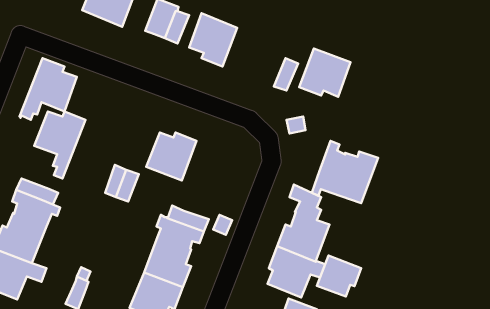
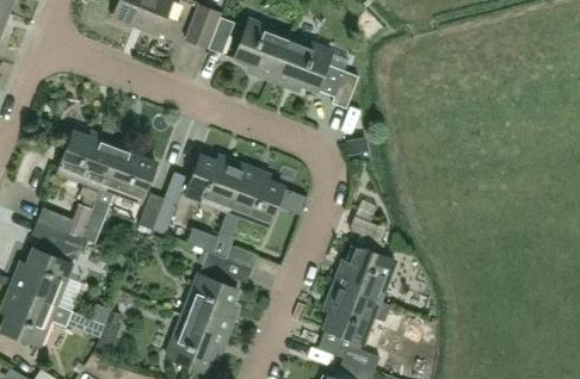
building: [299,49,351,97] -> [272,36,331,91]
building: [19,58,77,120] -> [90,141,155,211]
building: none -> [226,164,283,225]
building: [312,141,378,203] -> none
building: [317,255,361,296] -> none

